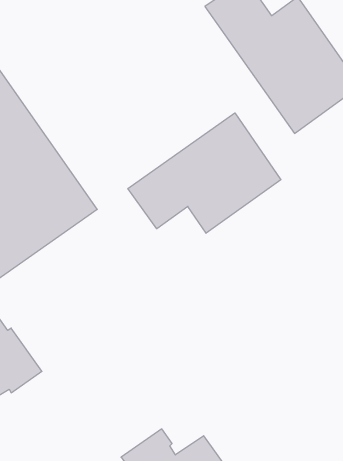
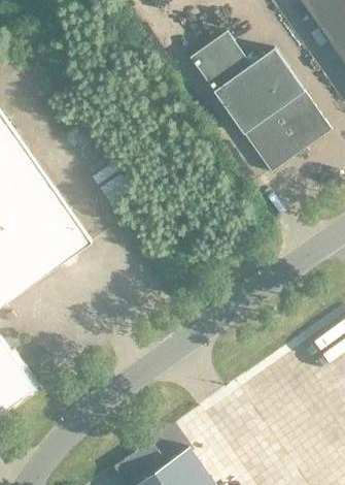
building: [128,113,281,233] -> none

